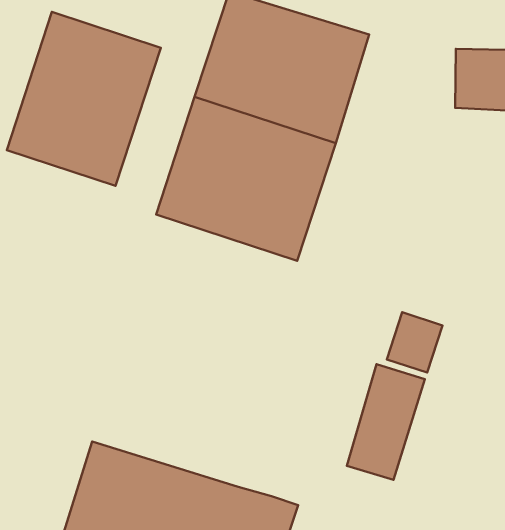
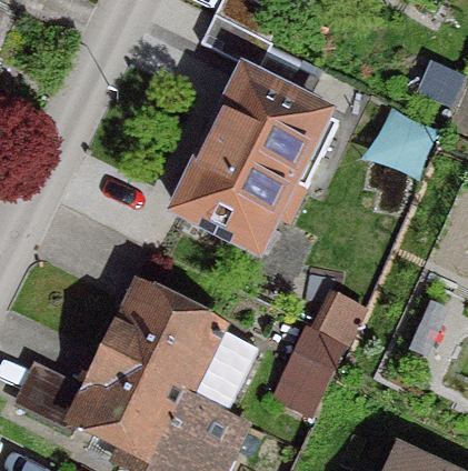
building: [7,12,161,186] -> none
building: none -> [101,291,251,413]

